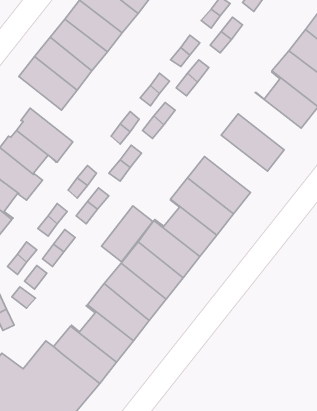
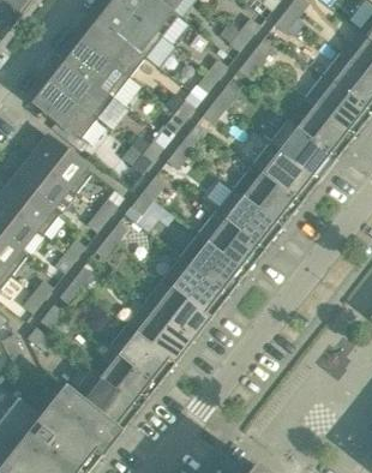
building: none -> [268,119,335,180]
building: none -> [232,164,299,226]
building: [101,206,153,262] -> none

